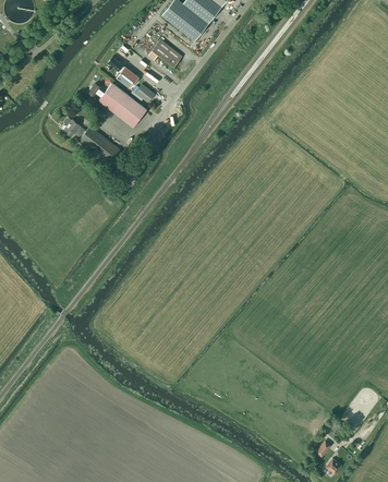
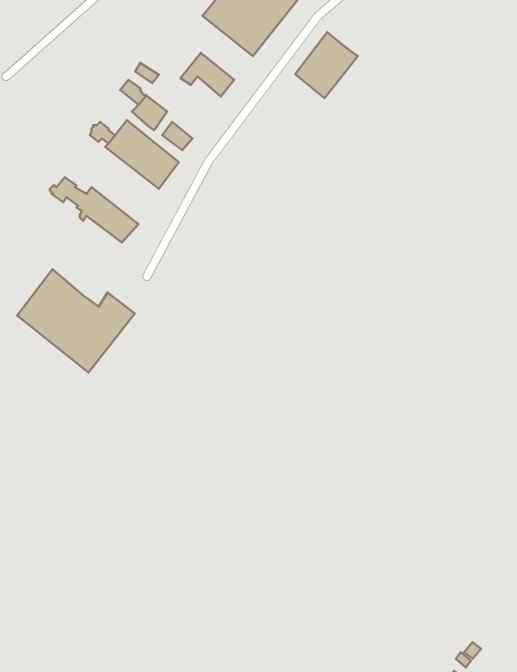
building: none -> [295,32,358,98]
building: none -> [17,269,135,372]

